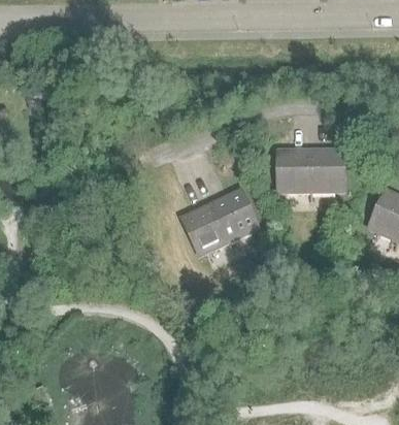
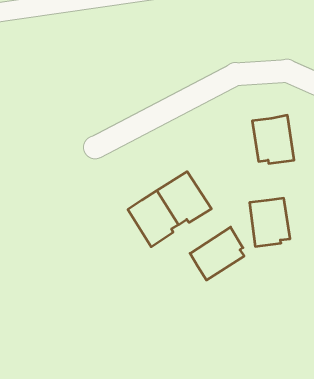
building: [277,149,311,191] -> [250,198,290,246]
building: none -> [190,227,244,280]

